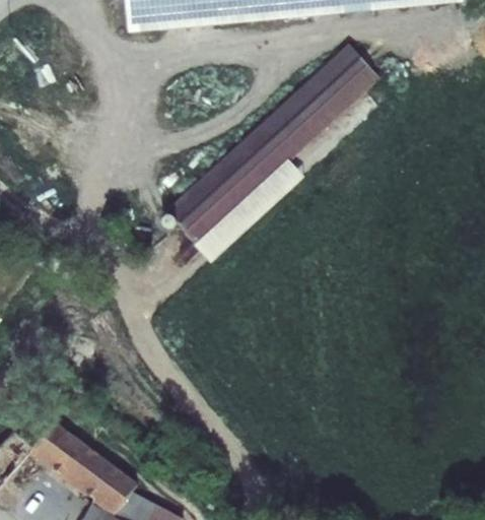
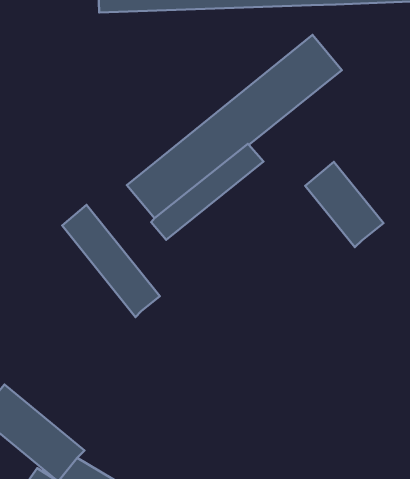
building: none -> [305,162,384,247]
building: none -> [62,205,160,317]

